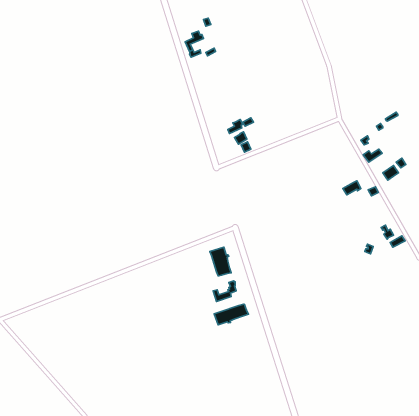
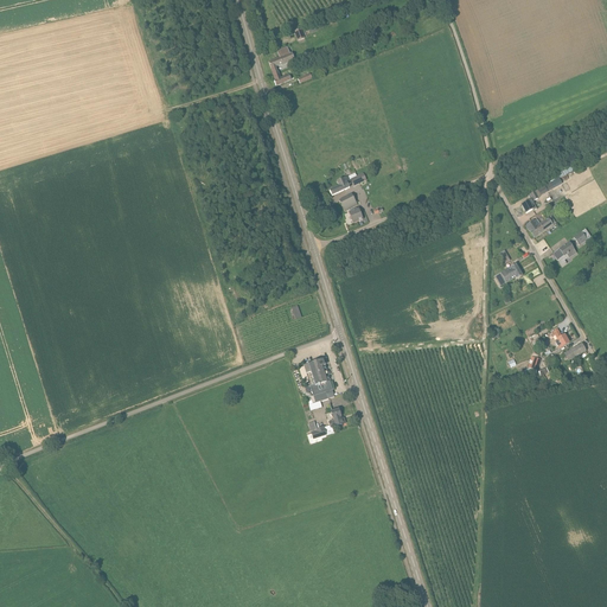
building: [214,304,248,325] -> none

